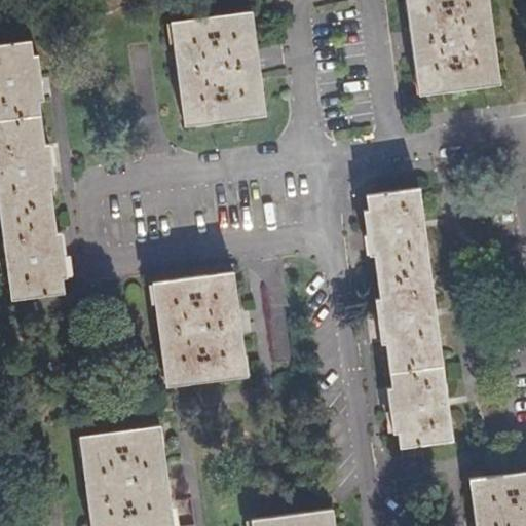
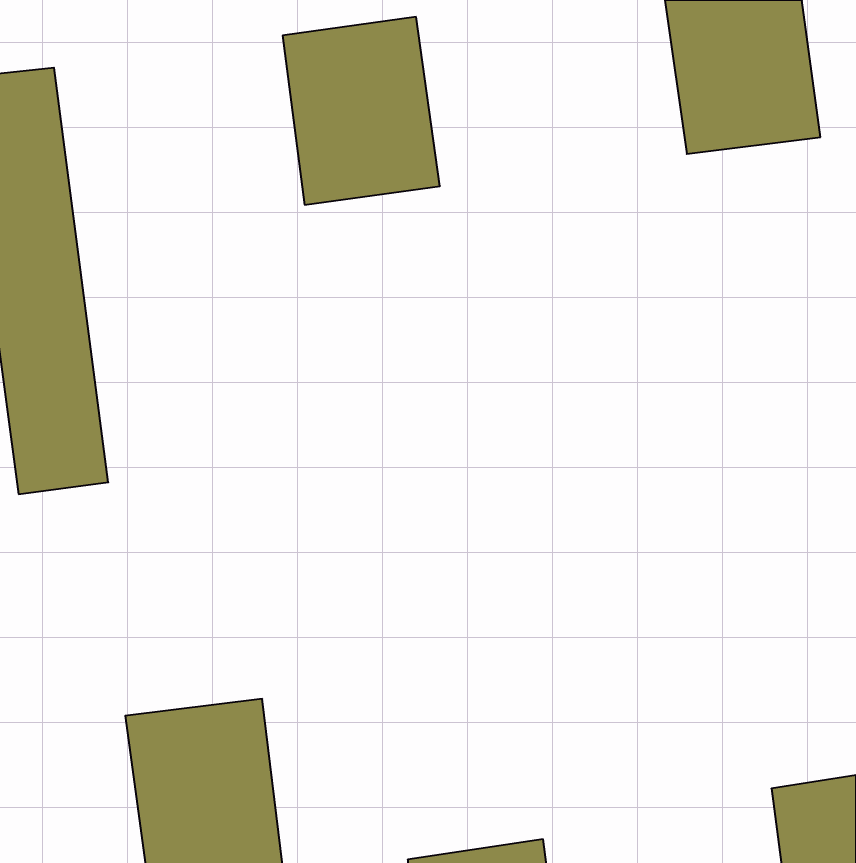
building: [366,188,452,461] -> none
building: [152,273,247,387] -> none

